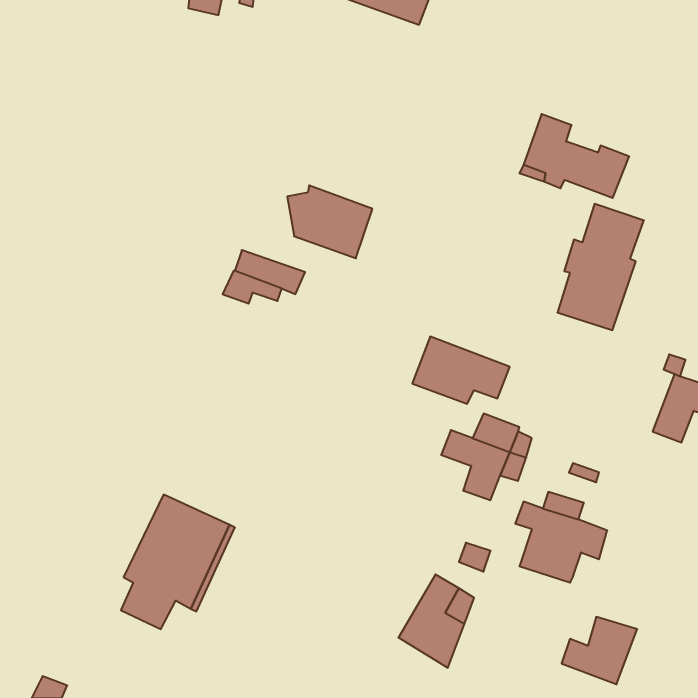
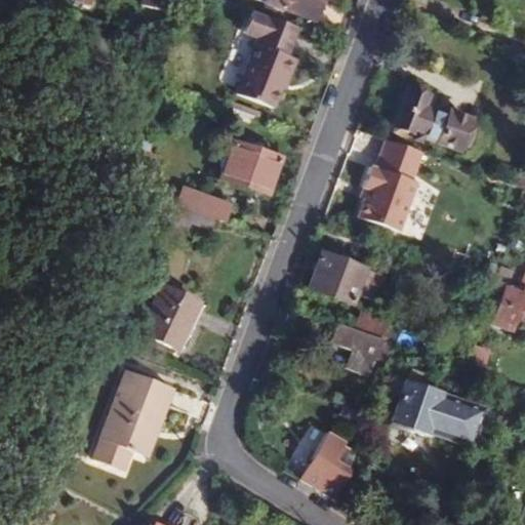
building: none -> [238,8,300,106]
building: [557,204,644,330] -> [361,139,426,234]
building: none -> [139,283,201,348]
building: [562,617,637,684] -> [431,396,487,446]

